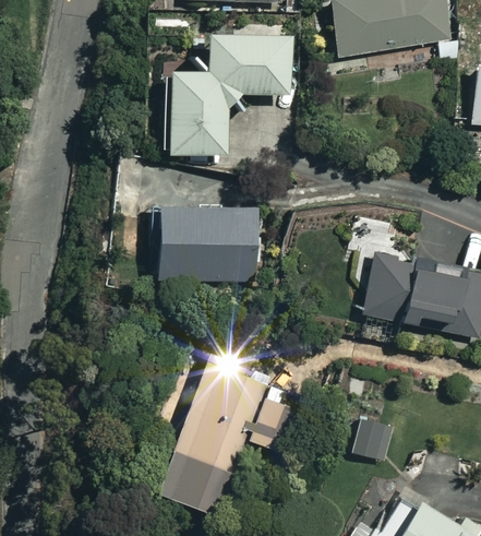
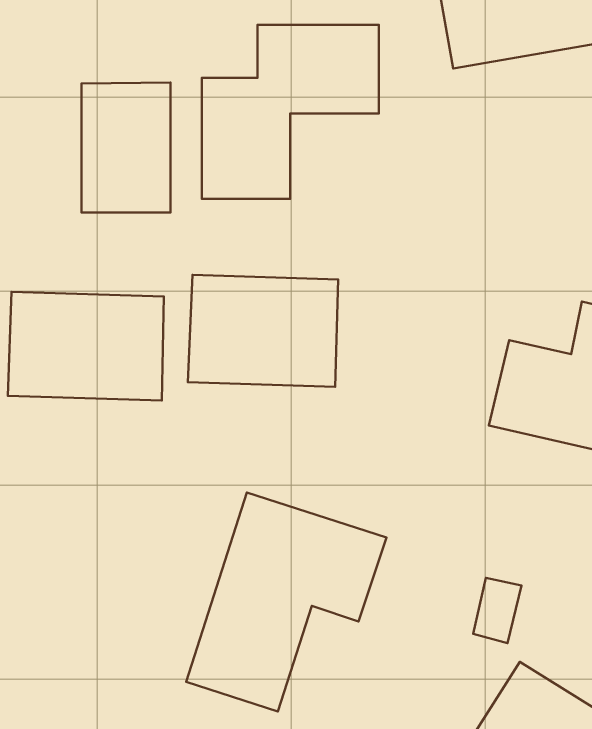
building: none -> [81,83,170,213]
building: none -> [8,292,164,401]

